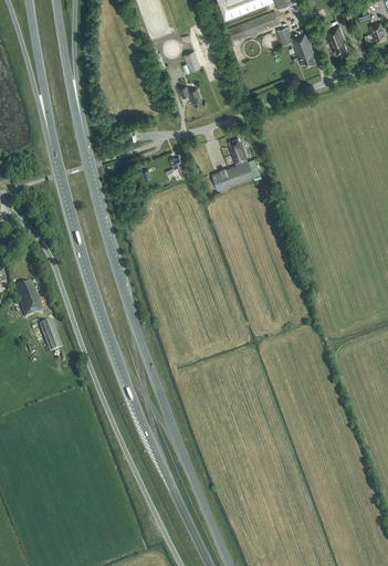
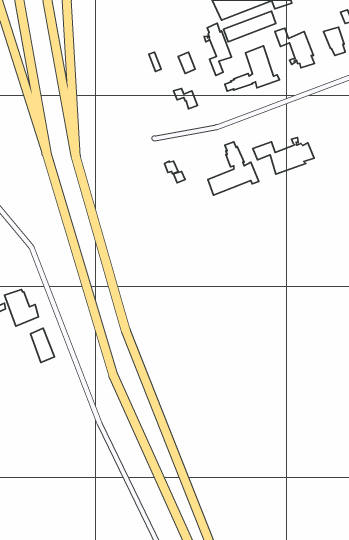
building: none -> [204,23,232,76]
building: none -> [225,46,279,91]
building: none -> [253,138,314,174]

